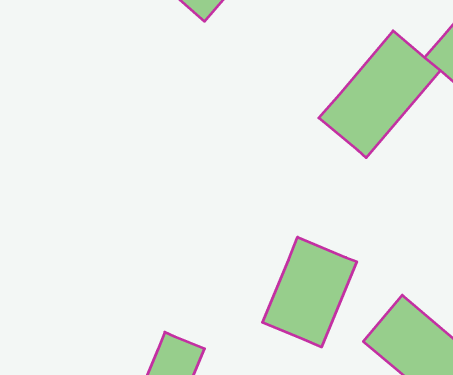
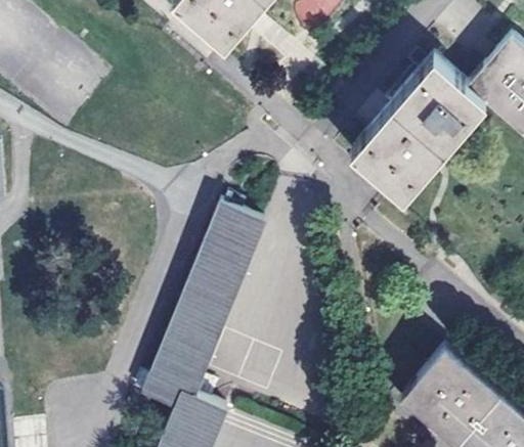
building: none -> [142,203,265,408]
building: [262,237,357,347] -> none

